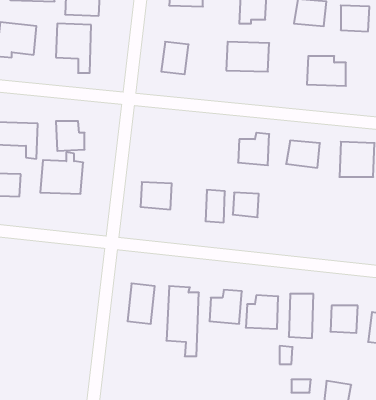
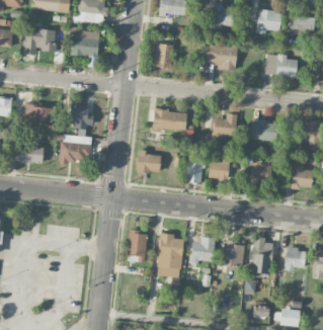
building: none -> [151,109,186,130]
building: none -> [250,159,272,184]
building: none -> [292,164,312,188]

